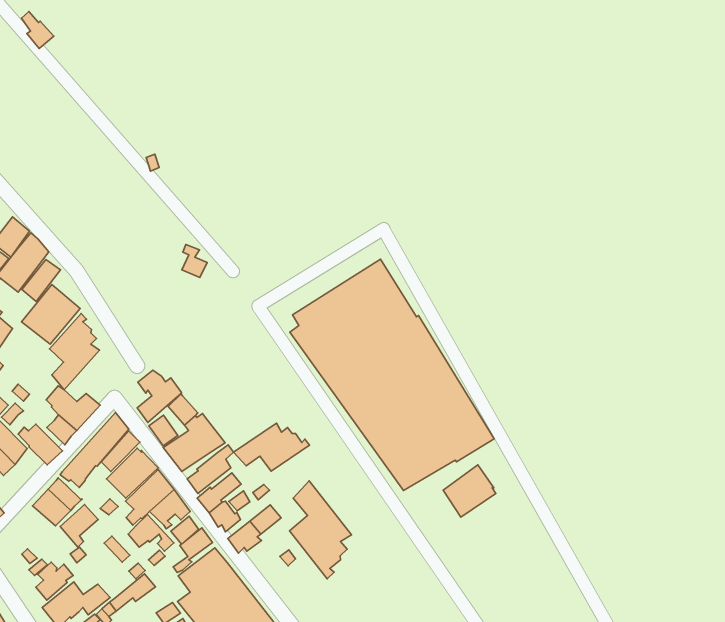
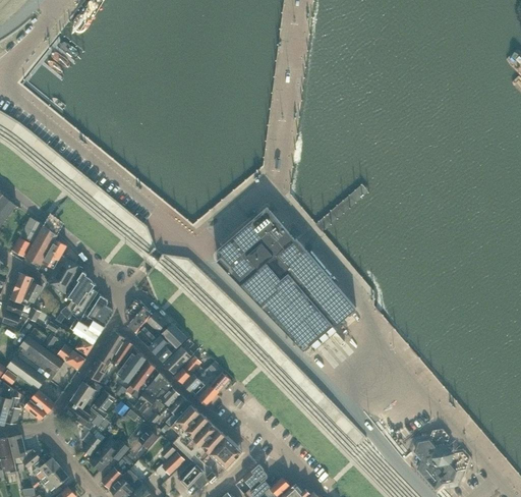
building: none -> [79,292,112,327]
building: [233,423,310,471] -> none
building: [443,465,496,517] -> none
building: [289,481,351,579] -> none
building: none -> [62,397,97,429]

